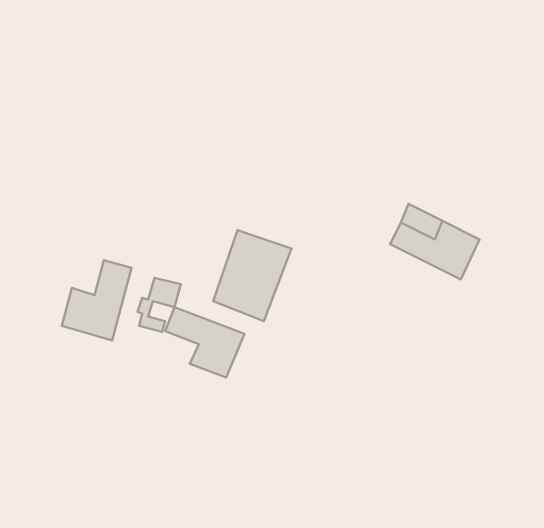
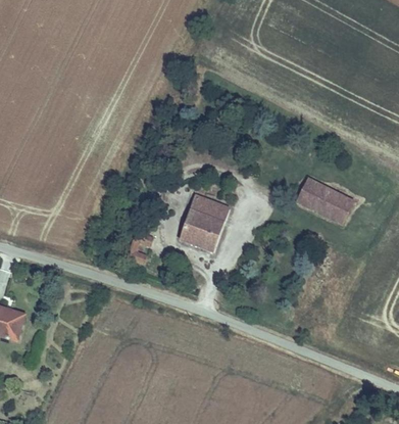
building: [62,260,132,341] -> none
building: [165,307,244,378] -> none

